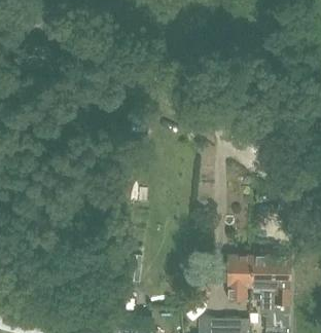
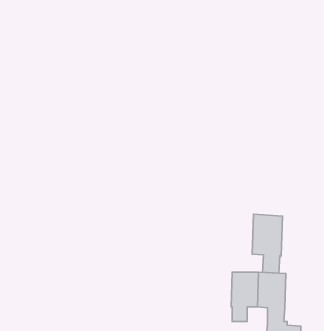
building: none -> [252,214,282,273]

